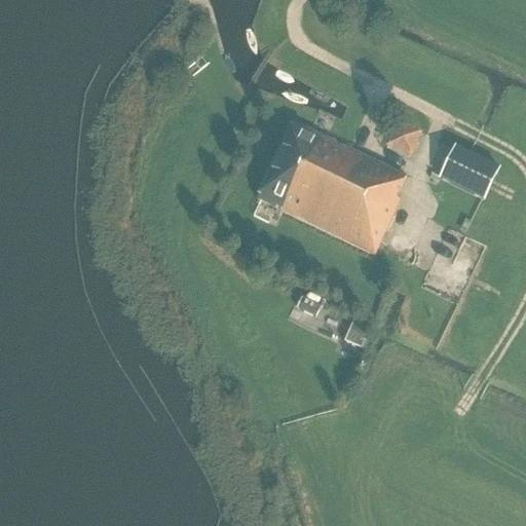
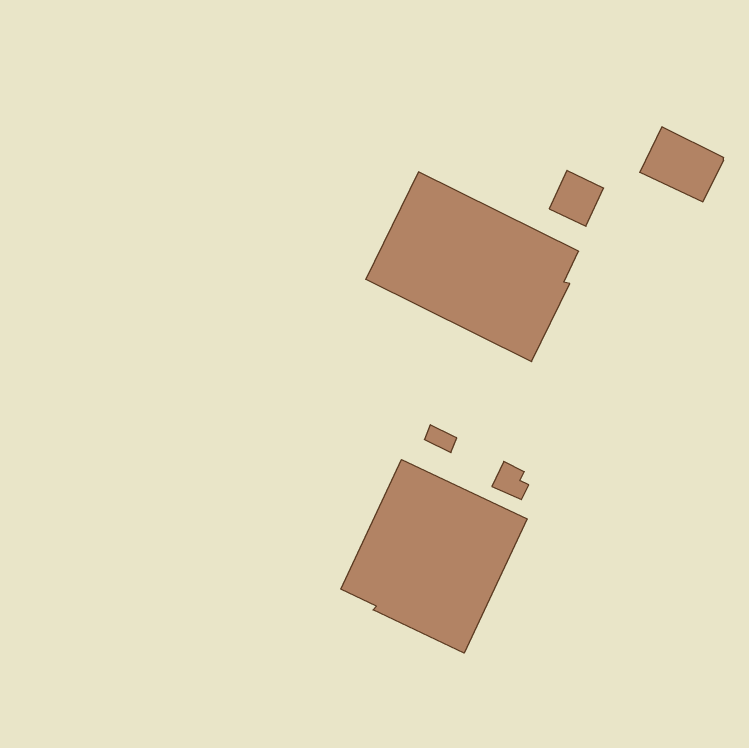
building: [438,145,496,197] -> [640,127,724,202]
building: none -> [341,460,527,653]

